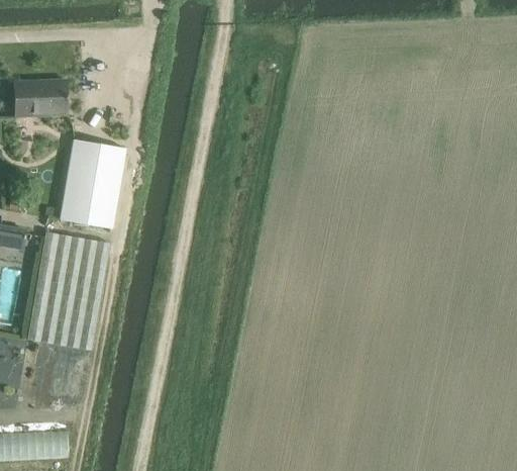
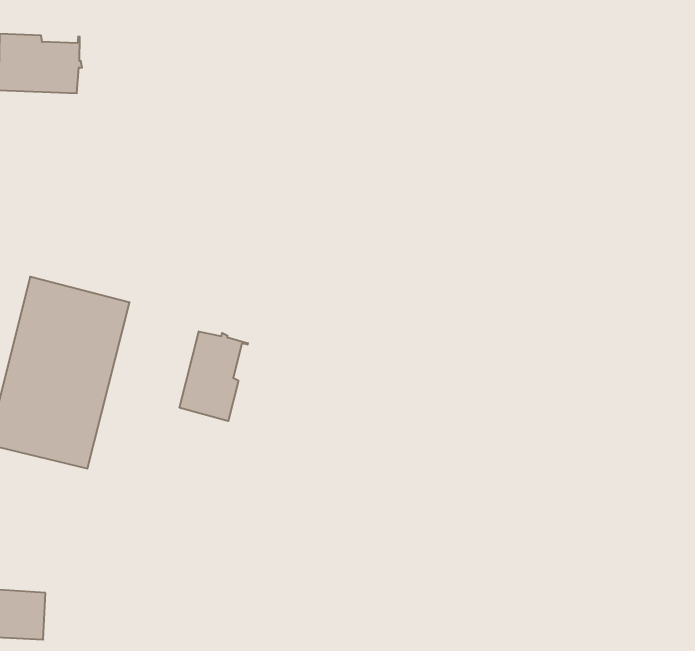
building: [61,137,126,228] -> none
building: none -> [180,331,248,421]

